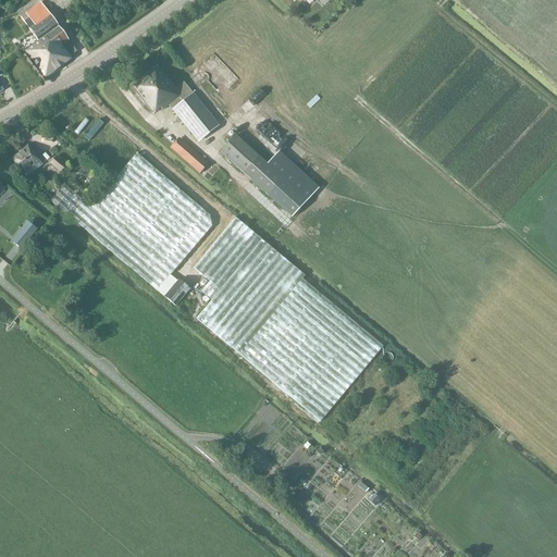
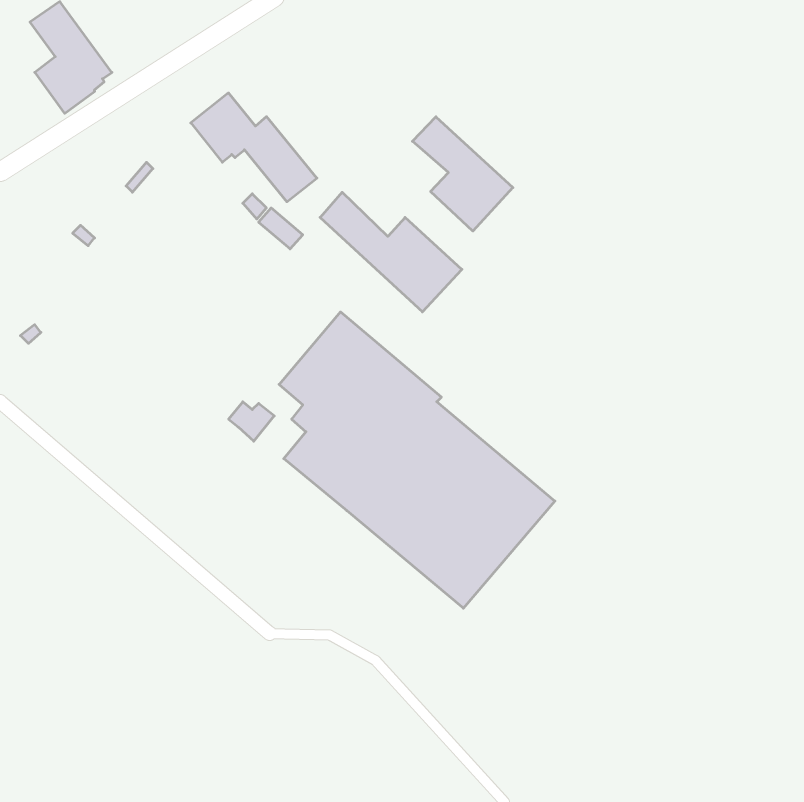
building: none -> [412,117,513,231]
building: [13,145,44,175] -> none
building: [52,152,211,288] -> none

